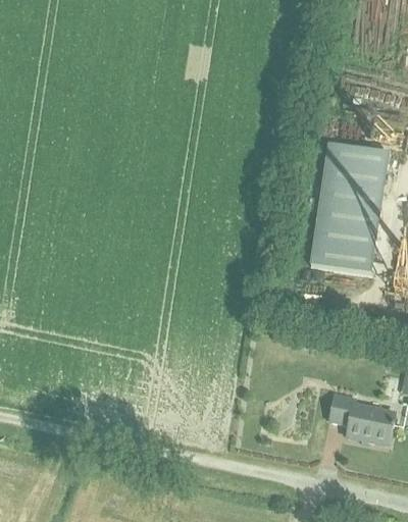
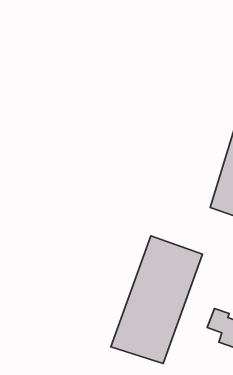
building: none -> [111,236,203,364]

